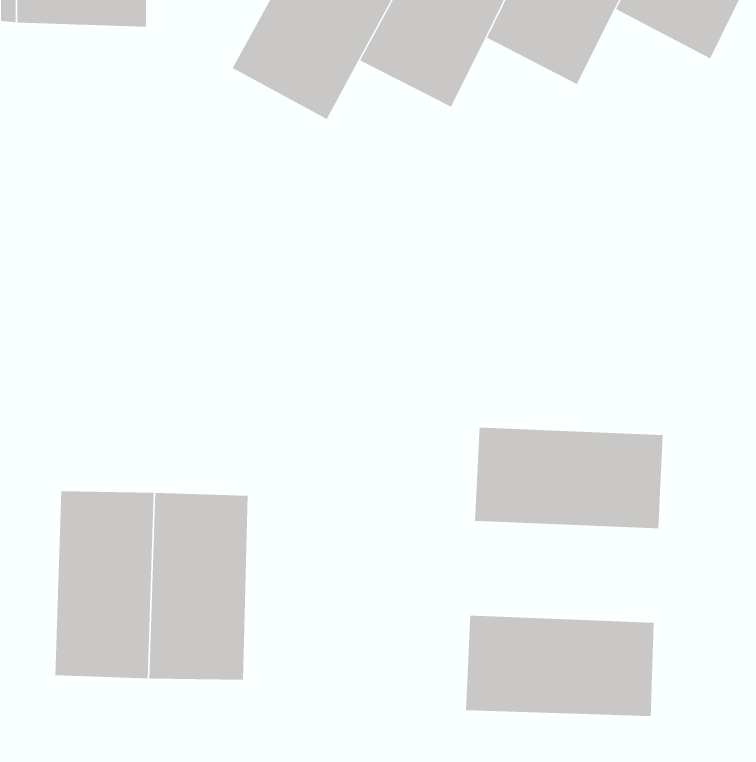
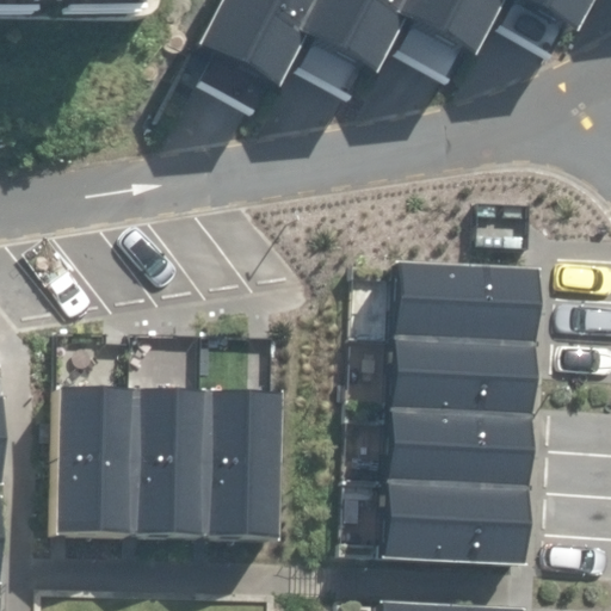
building: none -> [391,261,539,342]
building: none -> [206,390,284,538]
building: none -> [384,411,533,490]

